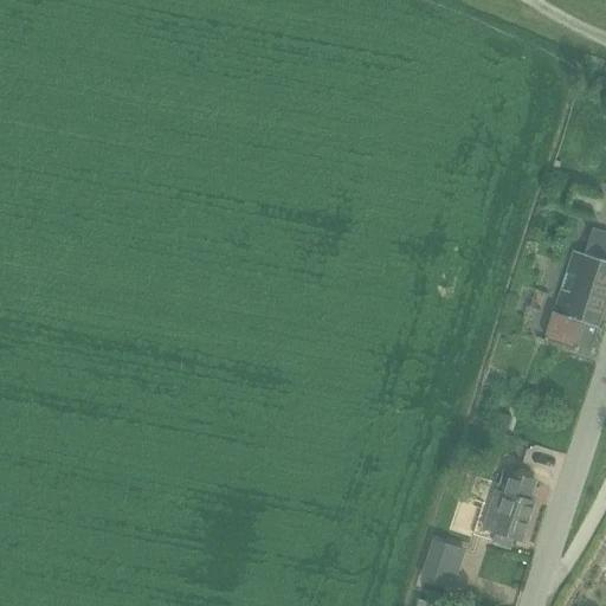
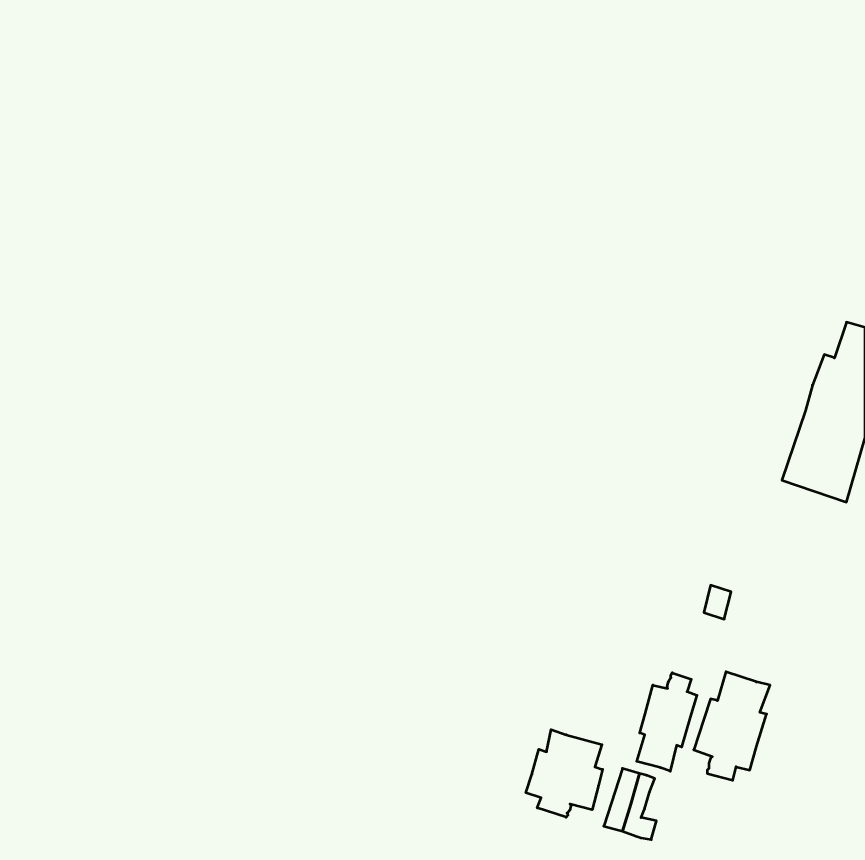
building: none -> [637,673,697,771]
building: none -> [526,730,603,817]

